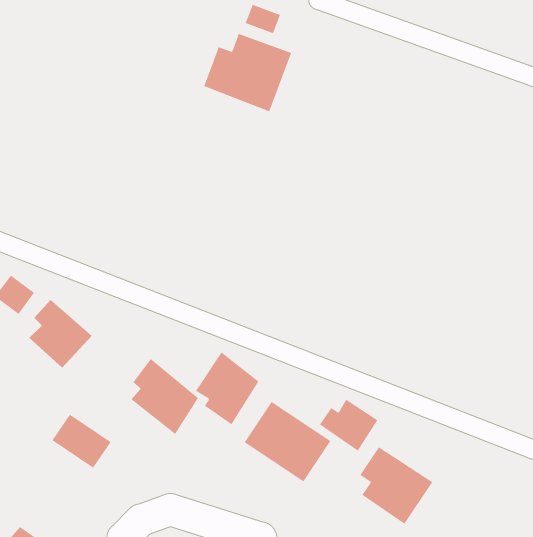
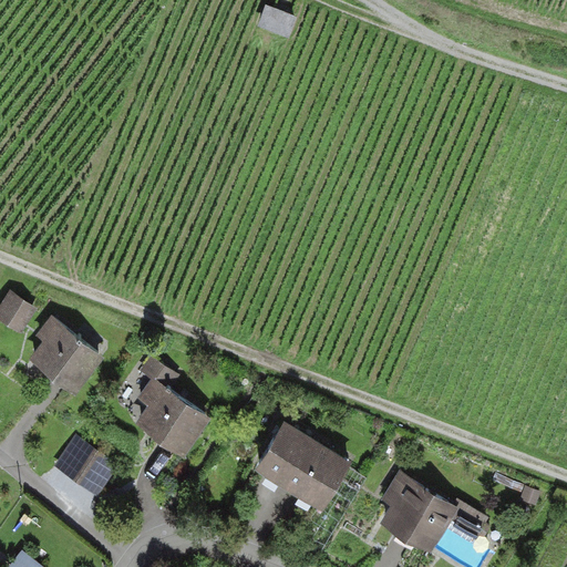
building: [204,33,292,112] -> none
building: [195,352,259,425] -> none
building: [319,399,378,451] -> none

